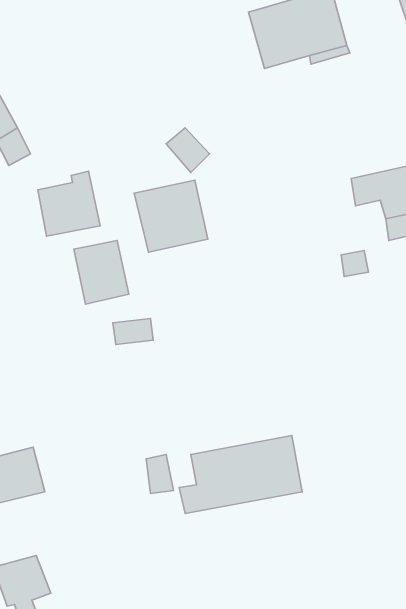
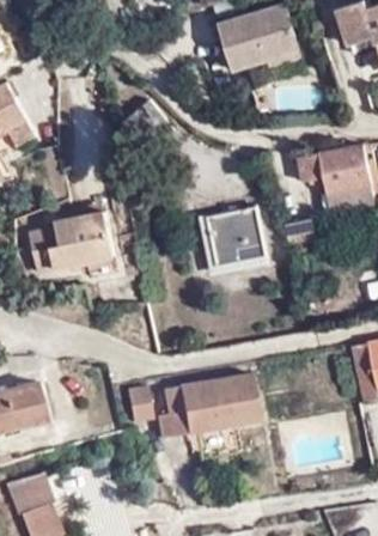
building: [38,171,100,236] -> [26,218,78,272]
building: [134,180,208,252] -> [207,208,268,268]

